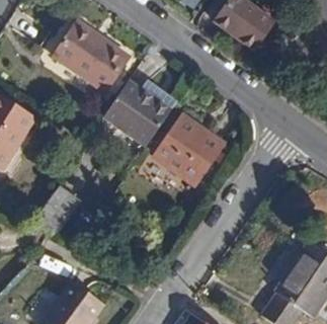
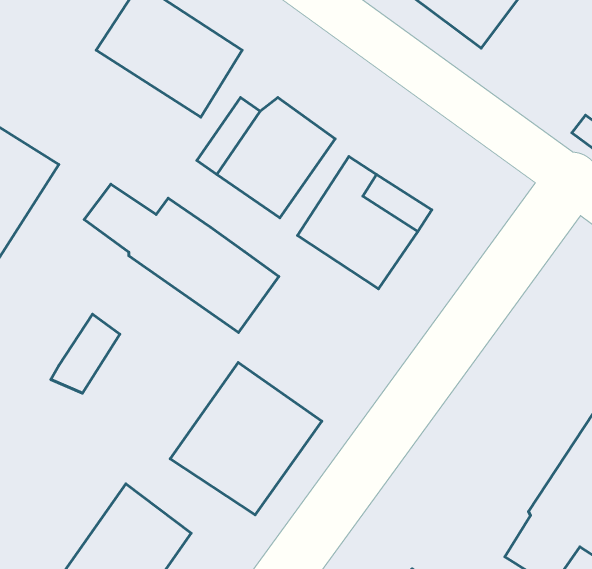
building: none -> [84,184,279,333]
building: none -> [170,362,322,515]

